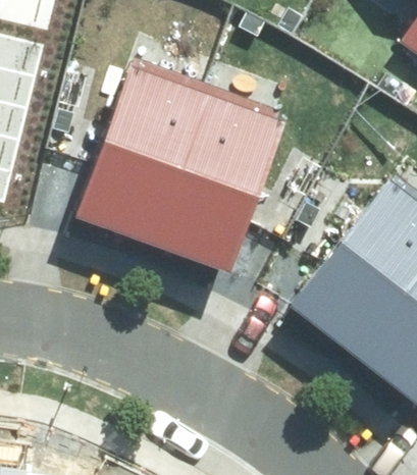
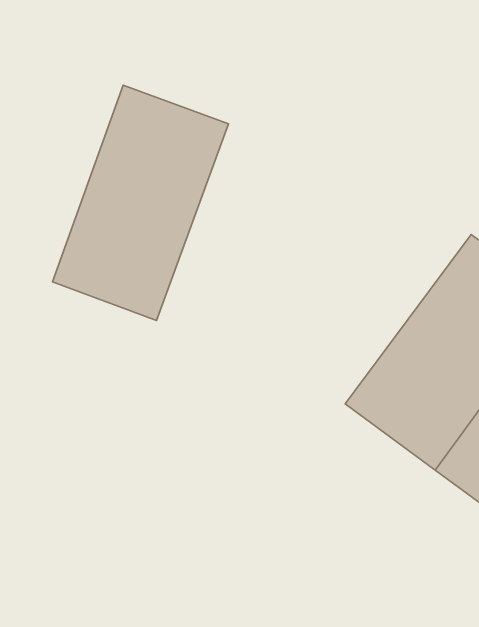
building: [153,98,283,270] -> none

